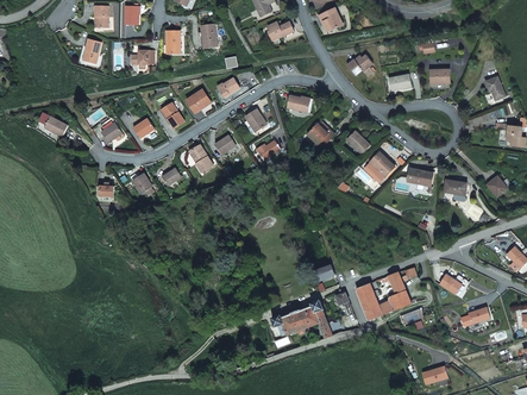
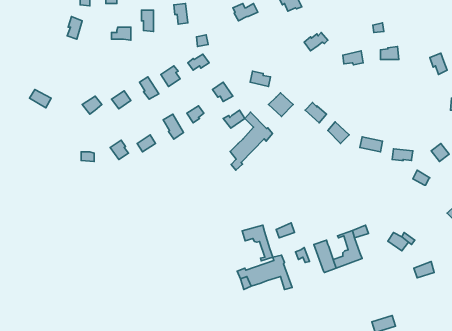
building: none -> [230,112,273,170]
building: none -> [242,225,273,261]

